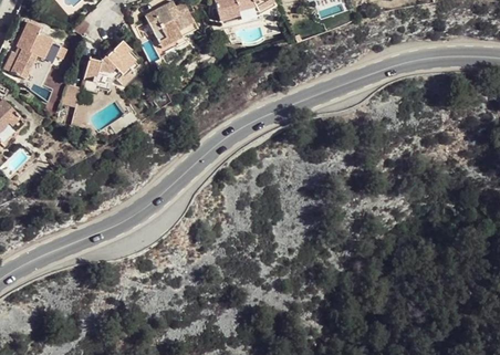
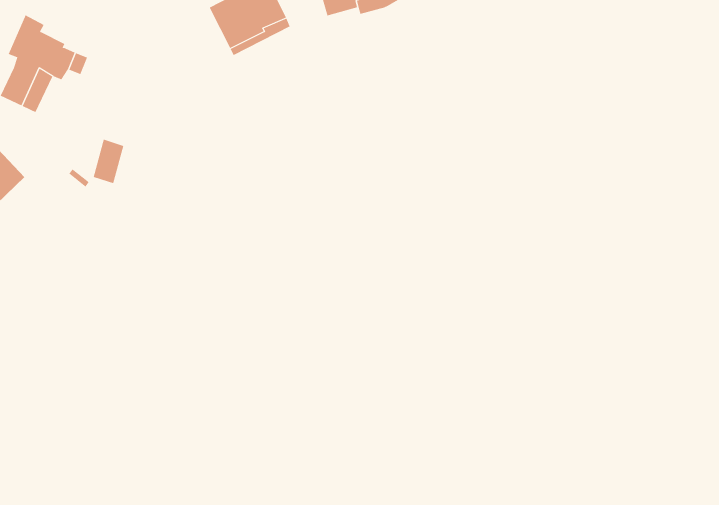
building: [82,40,135,90] -> none

